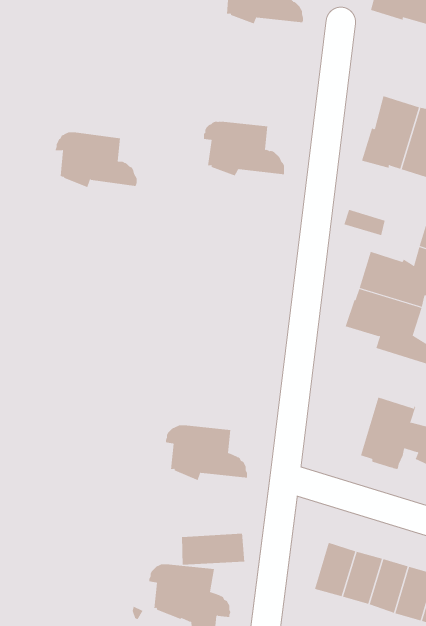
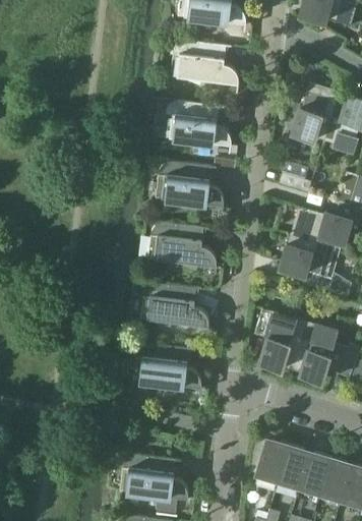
building: none -> [174,43,239,88]
building: [55,132,138,188] -> [159,164,225,209]
building: none -> [152,225,217,269]
building: none -> [144,285,209,330]
building: none -> [256,309,306,370]
building: [182,533,245,565] -> none

